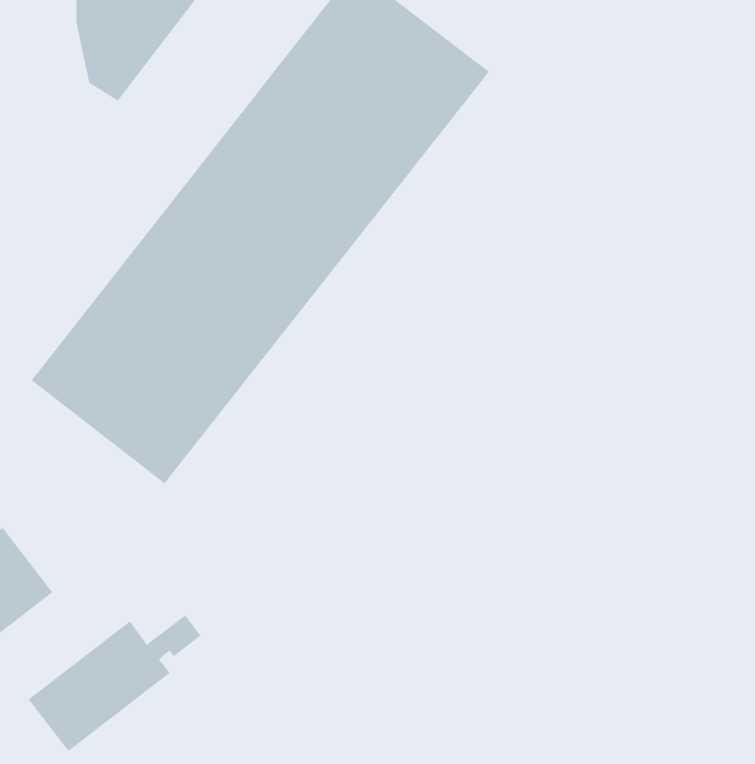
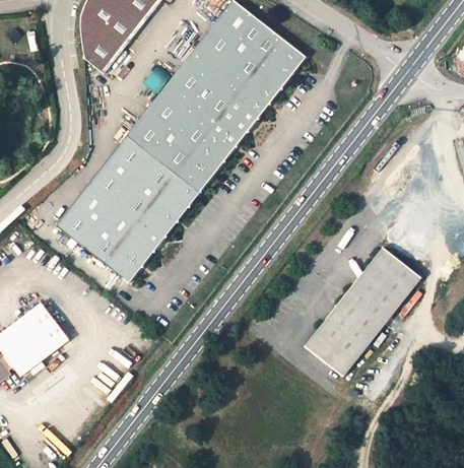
building: none -> [304,249,419,377]
building: [28,614,201,752] -> none

